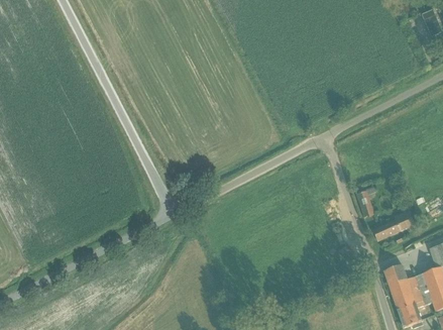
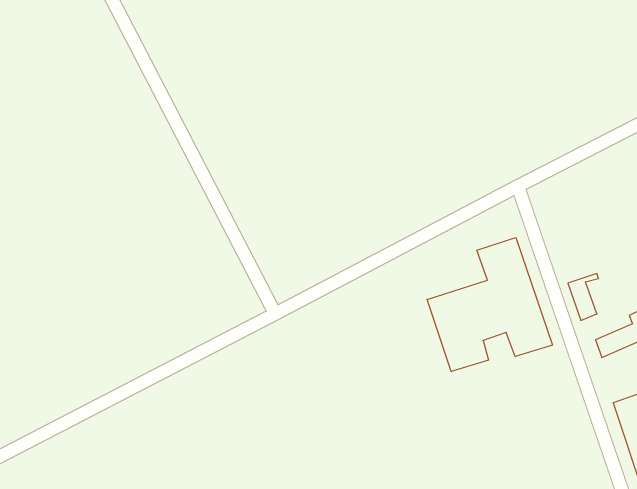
building: none -> [427,238,553,372]

